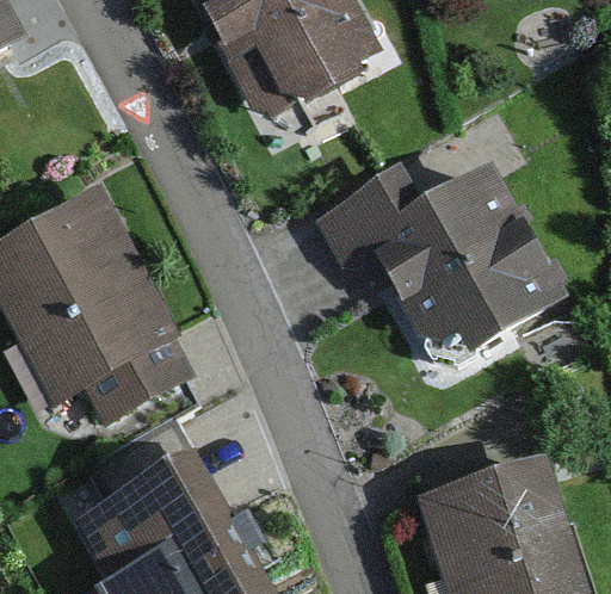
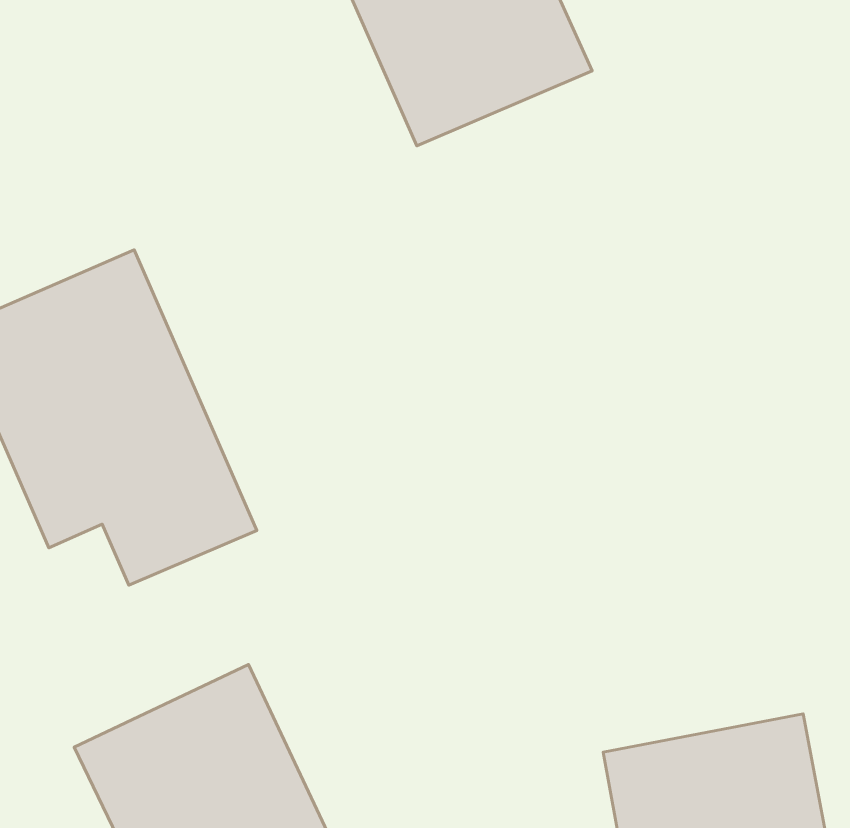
building: [326,168,567,351] -> none

